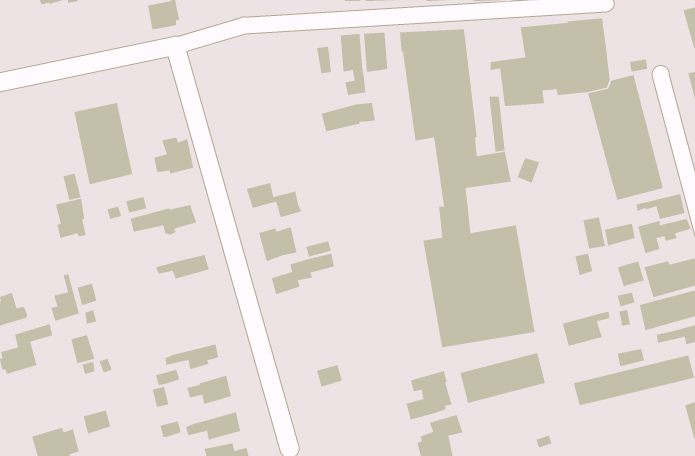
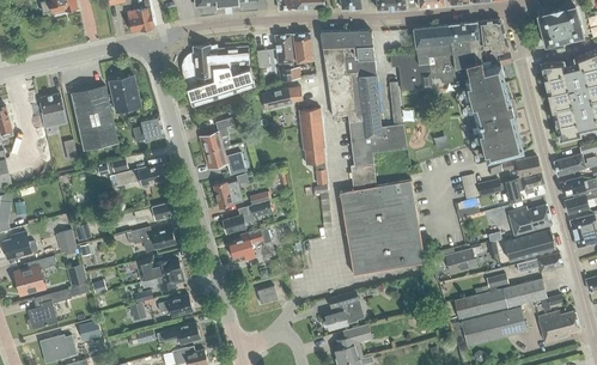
building: none -> [476,19,508,51]
building: none -> [181,42,255,105]
building: none -> [109,75,140,111]
building: none -> [299,108,327,184]
building: none -> [200,117,234,152]
building: [55,198,86,239] -> [39,93,63,124]
building: none -> [127,227,176,251]
building: none -> [229,227,270,260]
building: none -> [129,256,182,281]
building: [460,352,546,404] -> [461,306,526,346]
building: none -> [28,288,71,328]

